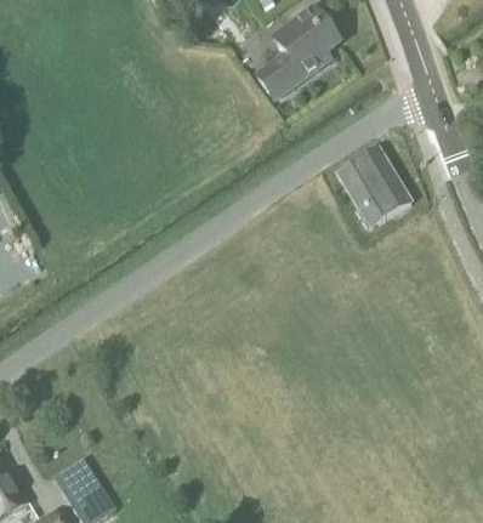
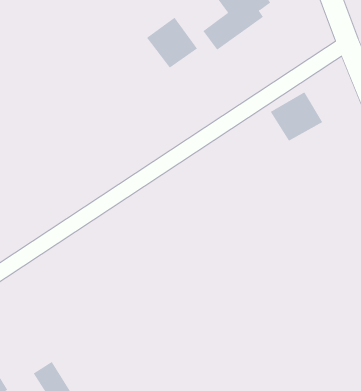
building: none -> [146,17,198,68]
building: [359,182,411,224] -> none

